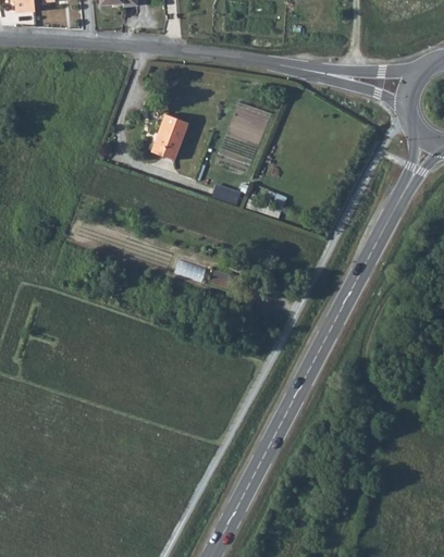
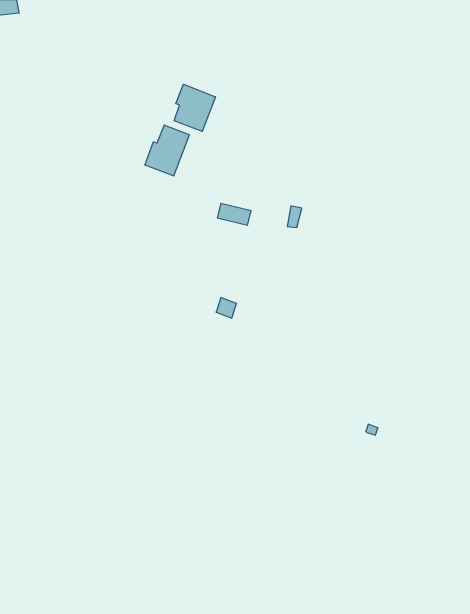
building: none -> [174,84,215,131]

